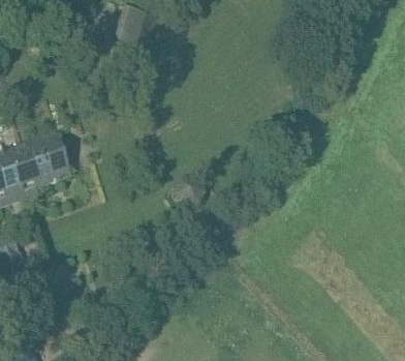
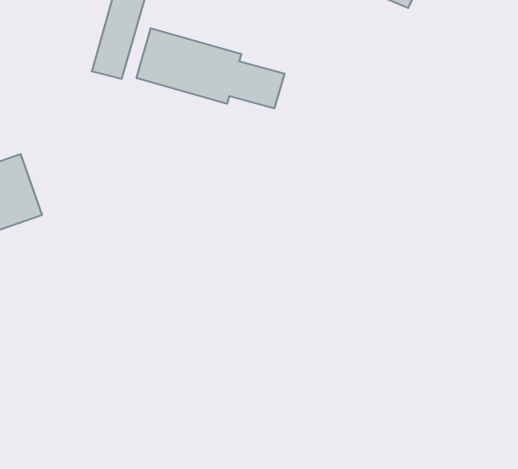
building: none -> [137,28,284,108]

